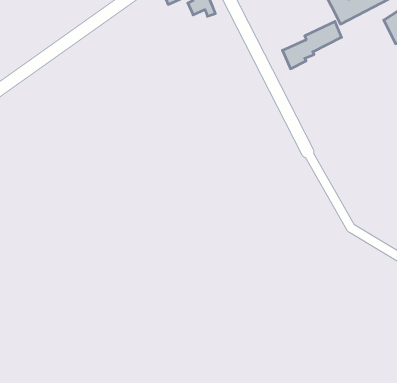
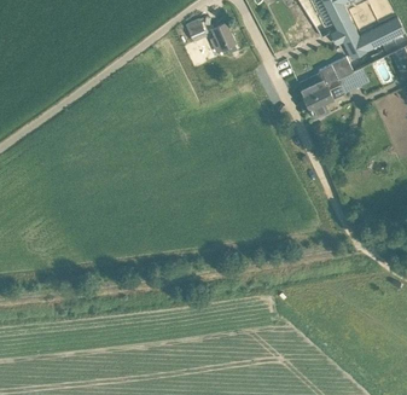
building: none -> [306,70,361,118]

